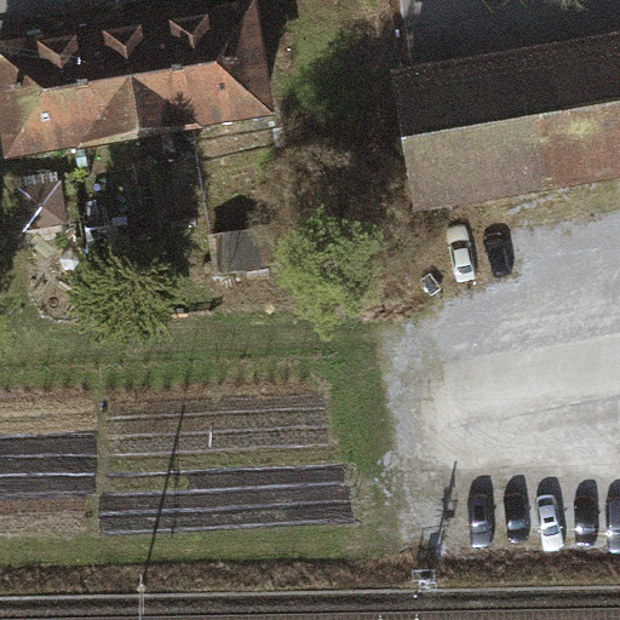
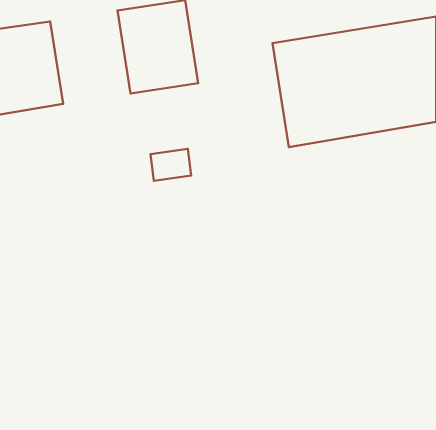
building: [70,15,183,145] -> none

